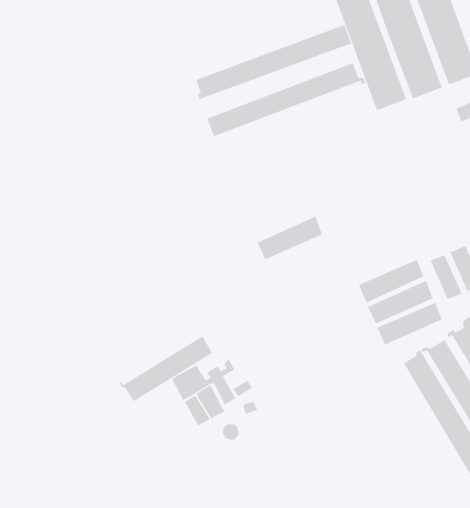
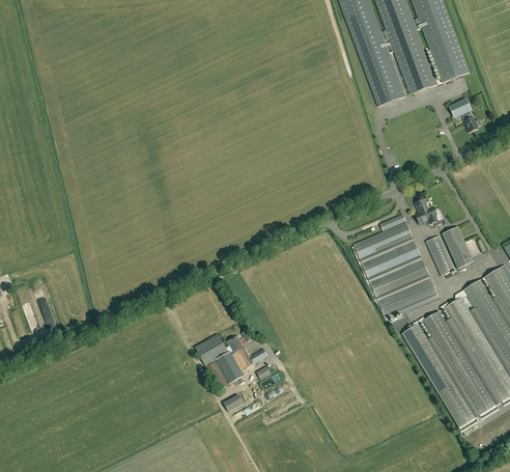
building: [196,24,352,100] -> none
building: [207,62,366,137] -> none
building: none -> [416,198,442,225]
building: [257,216,323,260] -> [353,220,413,259]
building: [118,335,213,402] -> none

